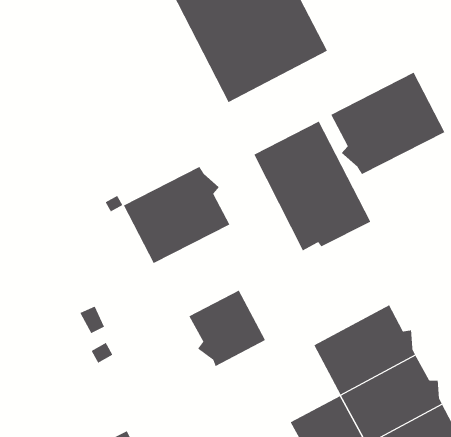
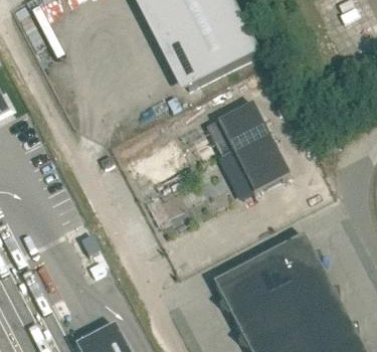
building: [331,72,445,175] -> none
building: [123,166,230,264] -> none
building: [189,290,266,367] -> [212,260,267,316]

